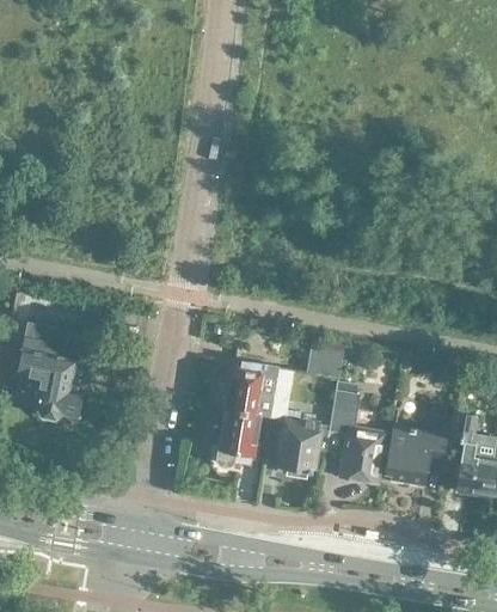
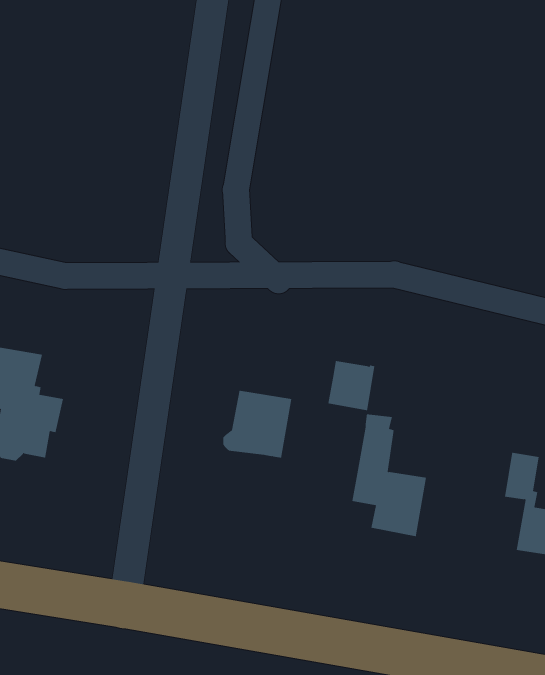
building: [268,368,329,469] -> none
building: [217,411,260,465] -> none
building: [385,417,448,484] -> none

